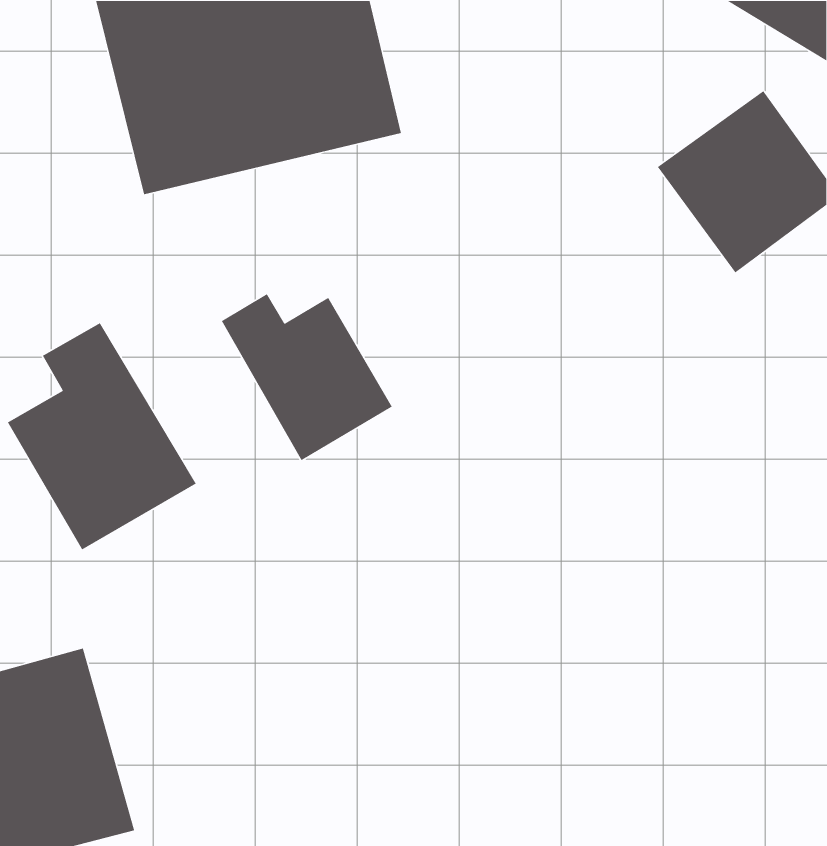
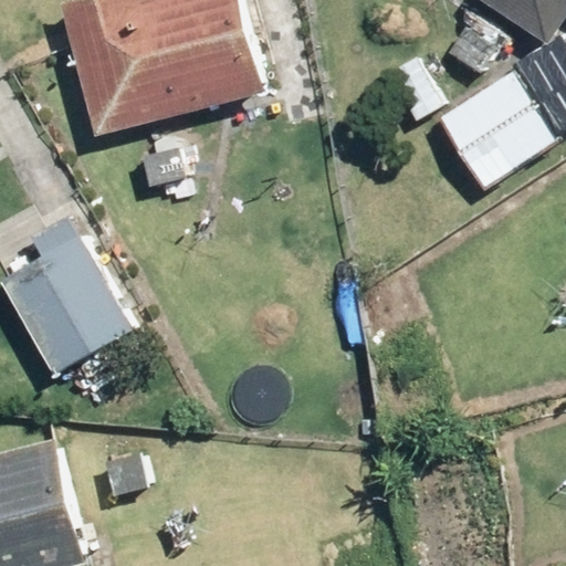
building: [221,293,393,461] -> none

